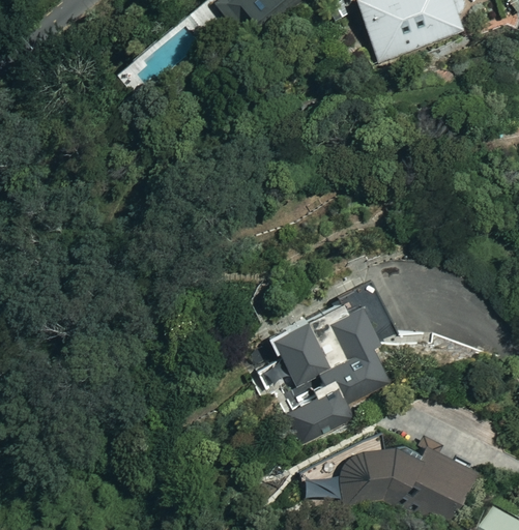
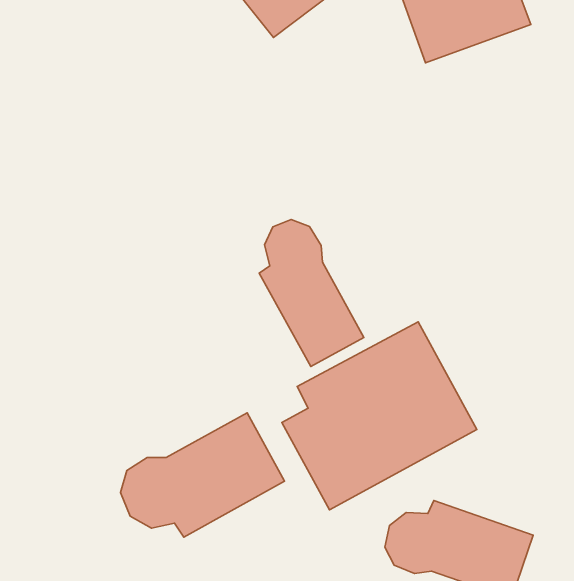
building: none -> [259,219,364,366]
building: none -> [120,413,284,537]

